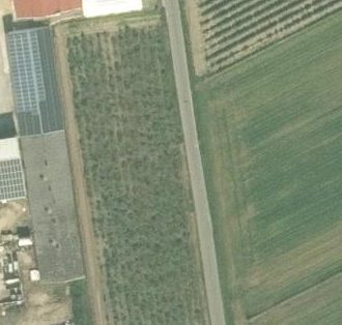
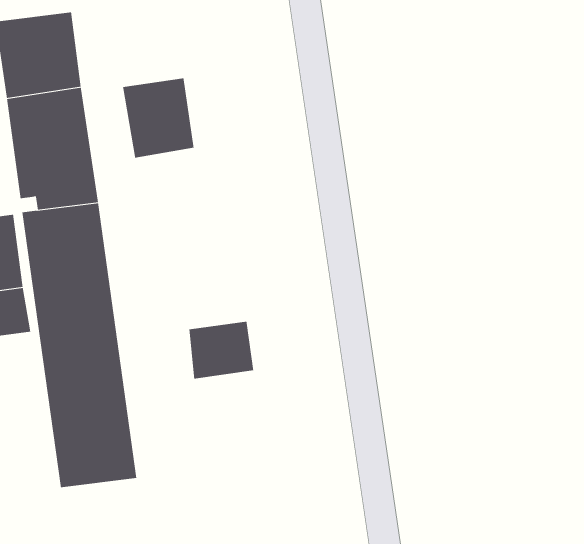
building: none -> [123,77,194,158]
building: none -> [189,321,254,379]

